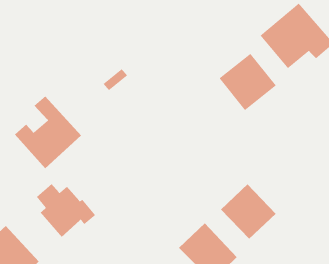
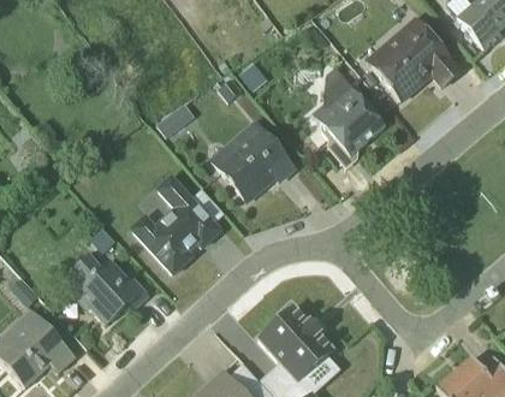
building: none -> [210,119,297,196]
building: [14,95,82,169] -> [130,176,219,273]
building: [220,184,276,240] -> none

